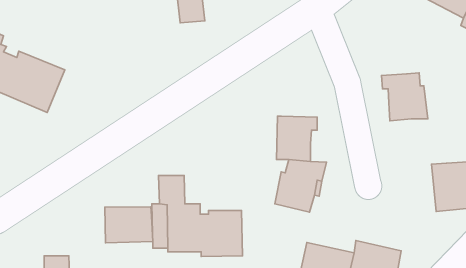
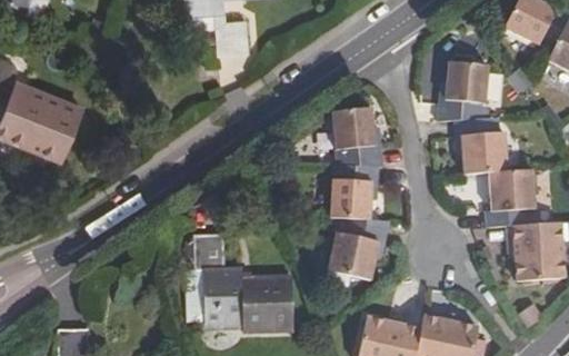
building: none -> [439,61,488,119]
building: none -> [332,108,385,168]
building: none -> [487,168,536,226]
building: [105,207,153,243] -> none

